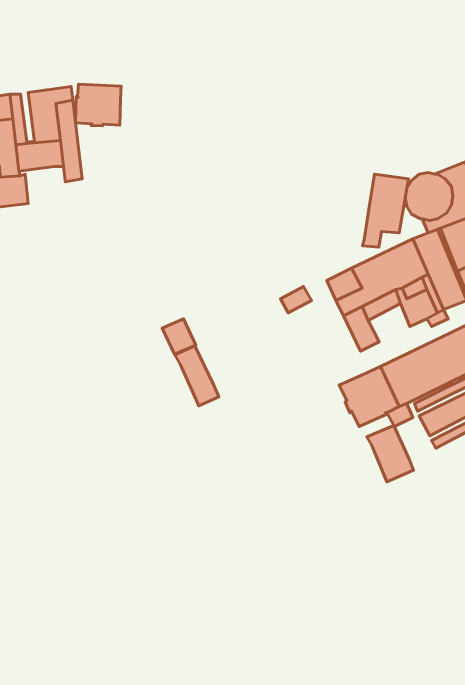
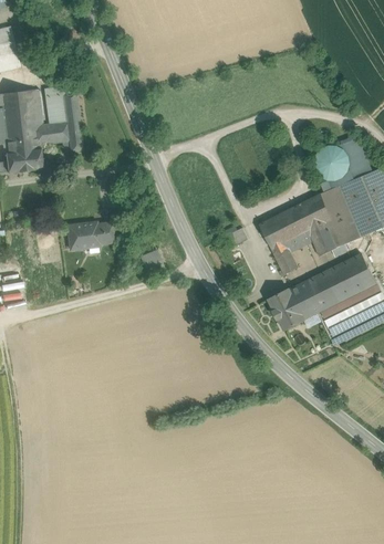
building: [75,84,121,126] -> none
building: [362,174,408,247] -> none
building: none -> [68,222,115,249]
building: [175,346,219,406] -> none
building: [367,425,414,482] -> none

